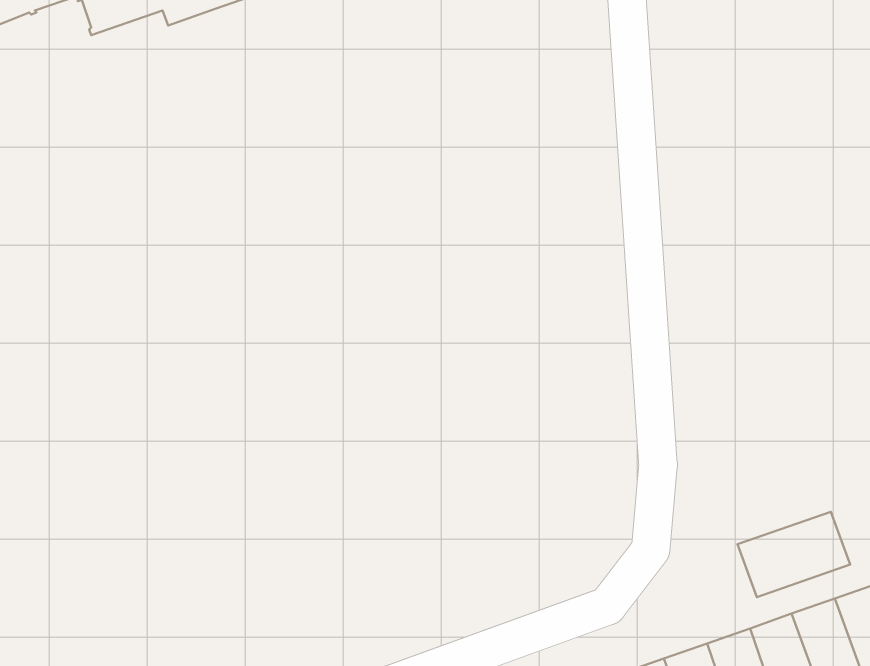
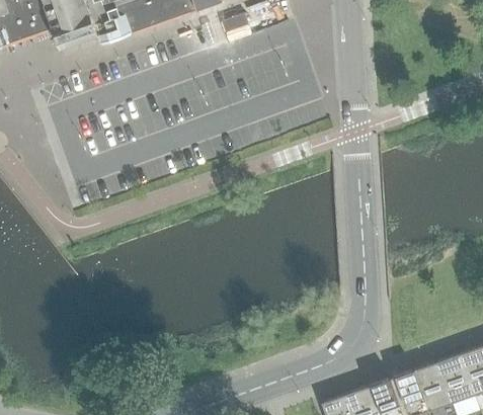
building: [737,512,850,597] -> none

